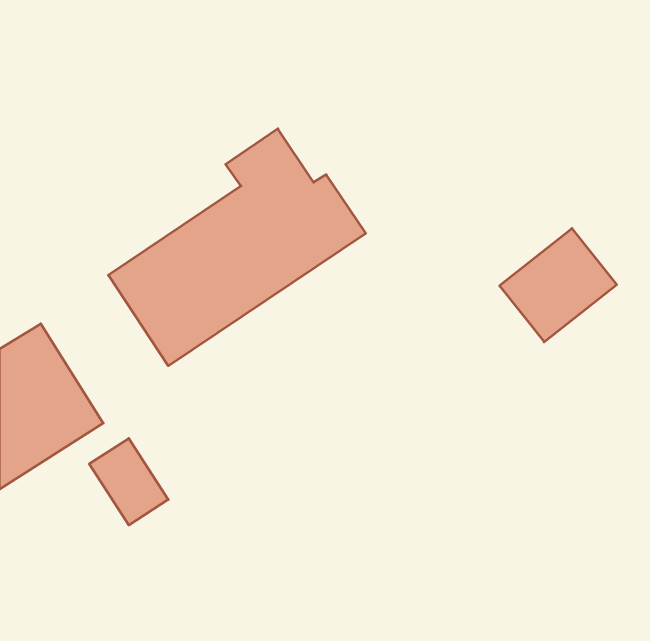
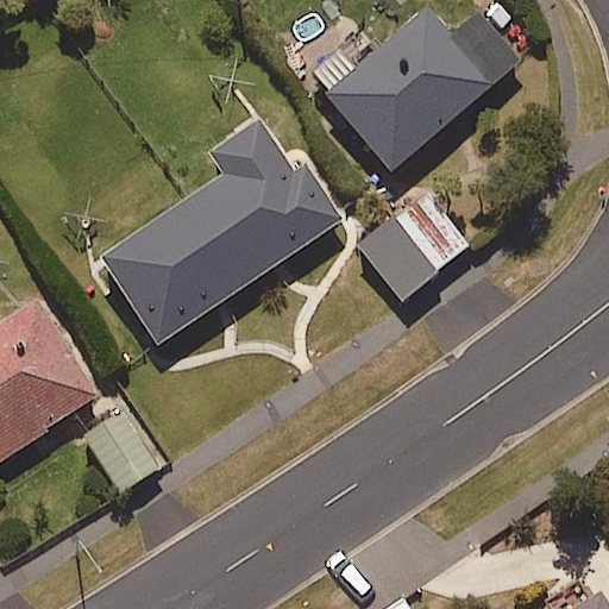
building: none -> [324,8,520,171]
building: [500,228,617,342] -> [358,192,467,297]

